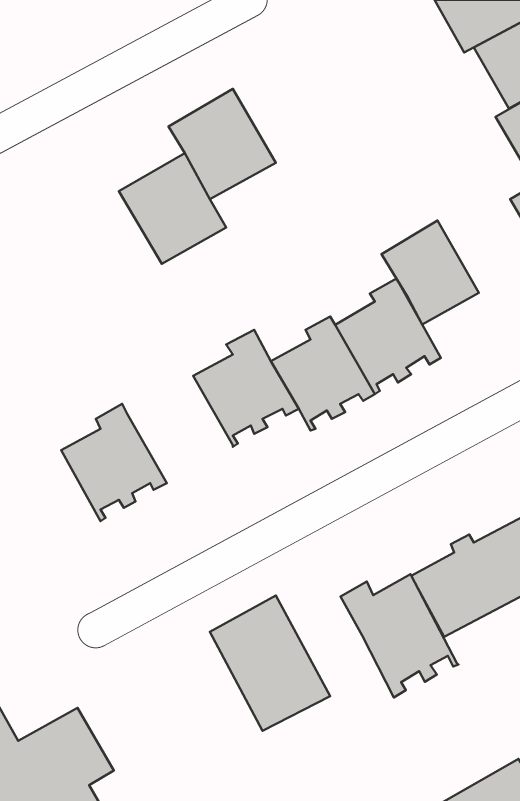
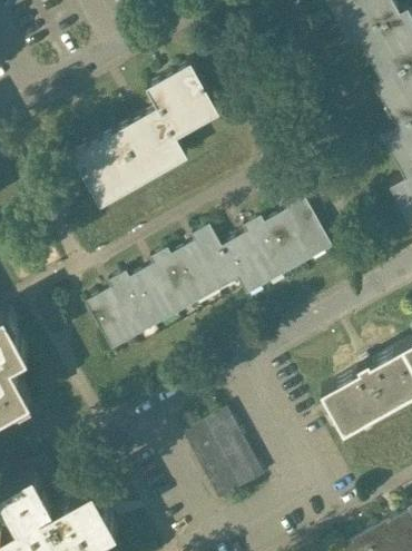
building: none -> [76,136,148,210]
building: [382,221,479,325] -> none
building: none -> [125,255,196,333]
building: [341,574,458,697] -> none

